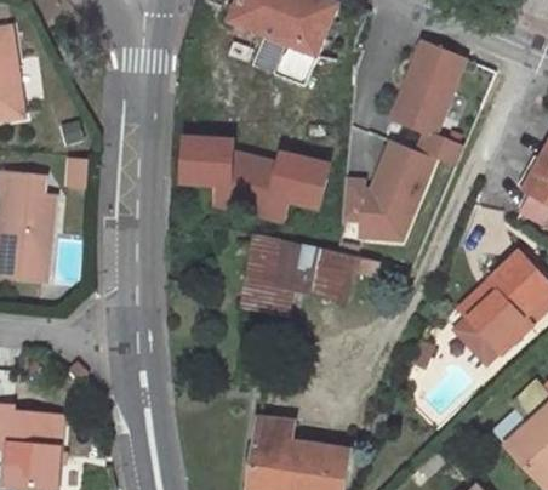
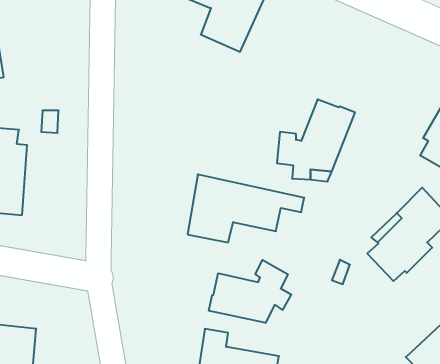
building: [394,41,469,165] -> none
building: [179,133,336,224] -> none
building: none -> [209,260,291,323]

